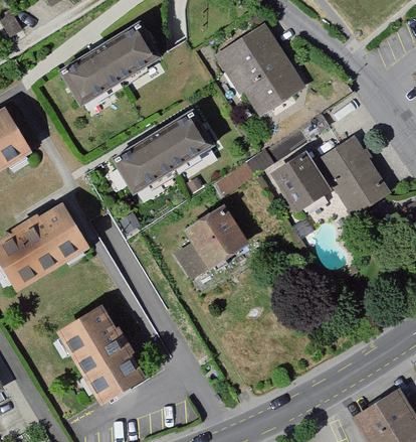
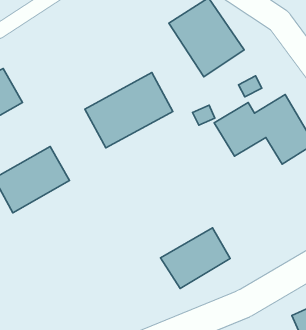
building: [60,25,157,105] -> none
building: [160,208,246,284] -> [161,228,230,288]
building: [60,304,145,398] -> none

